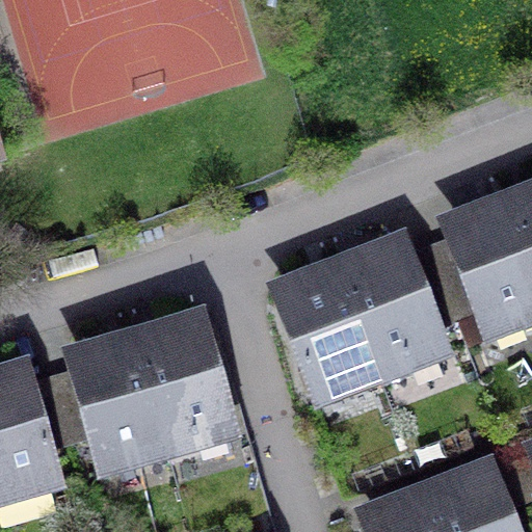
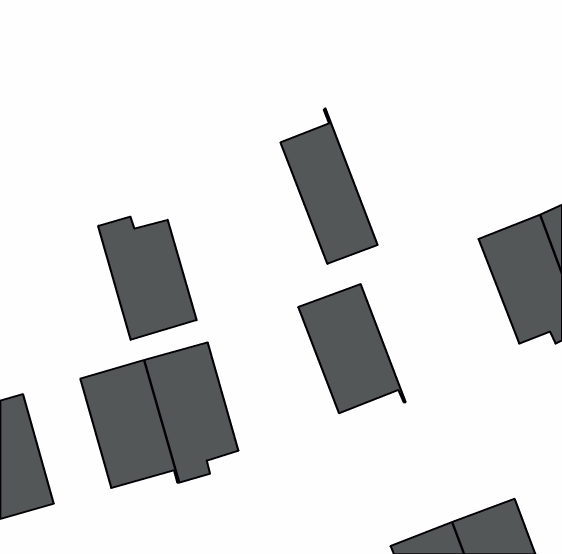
building: none -> [281,108,378,264]
building: none -> [98,217,197,340]
building: [341,245,437,379] -> none

